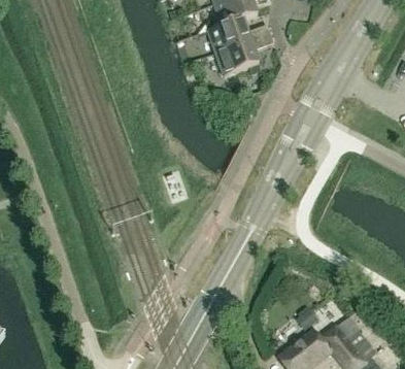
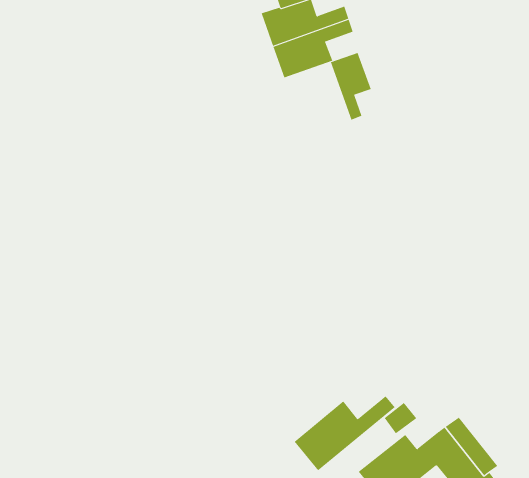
building: none -> [330,52,371,120]
building: none -> [294,396,396,471]

